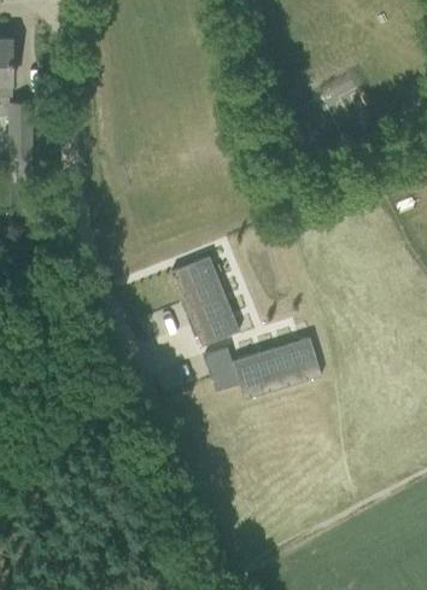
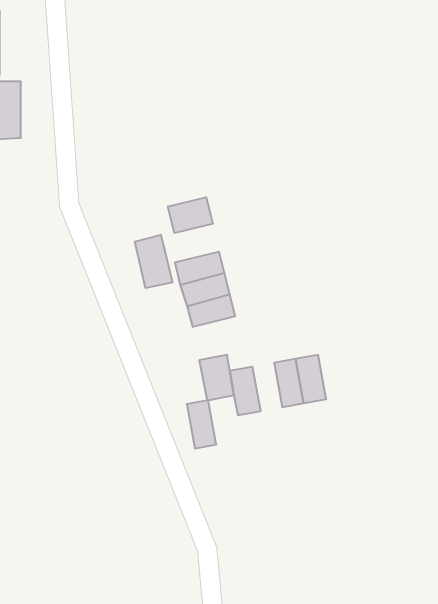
building: none -> [168,197,213,233]
building: none -> [135,235,172,288]
building: [187,314,232,344] -> none
building: [241,356,268,399] -> [187,400,216,448]

